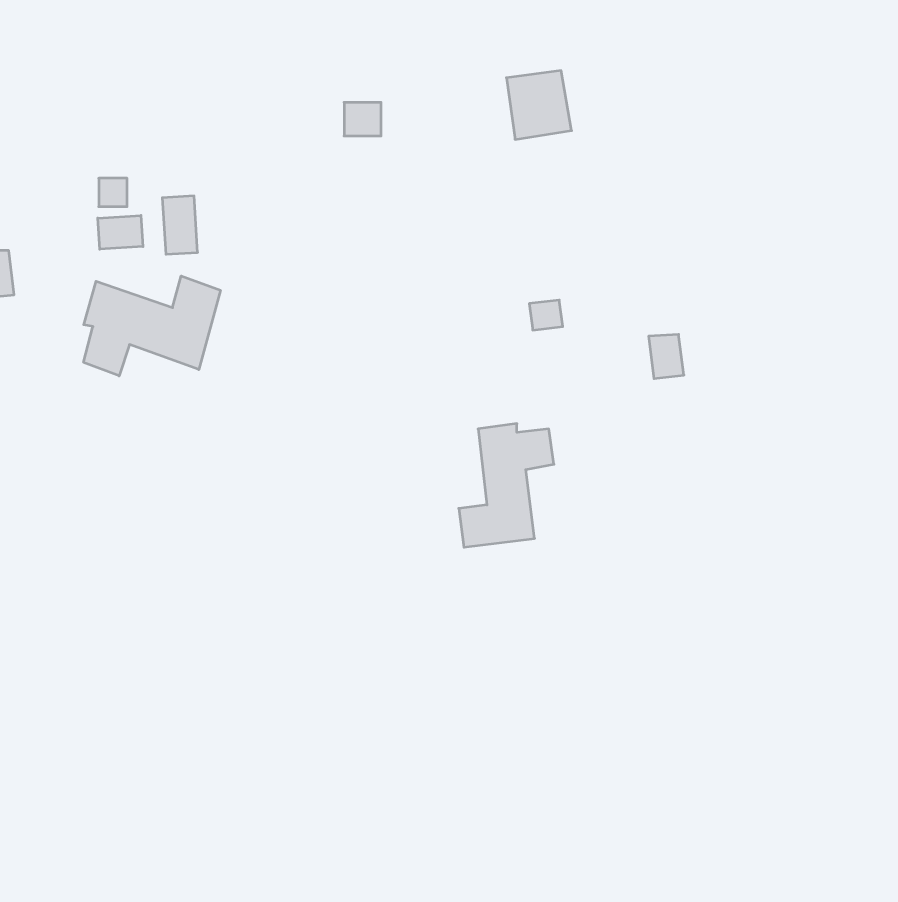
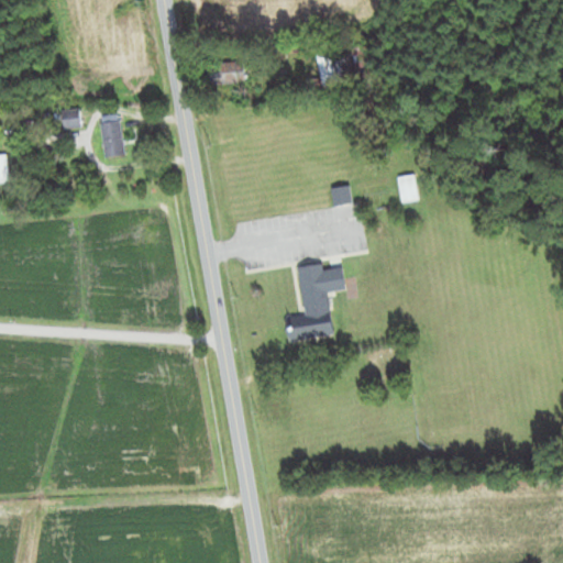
building: [98,215,143,249] -> none
building: [84,276,220,376] -> none
building: [649,334,684,379] -> [395,176,417,203]

